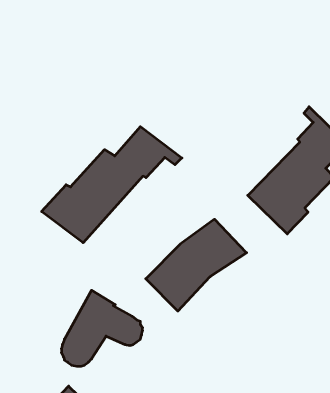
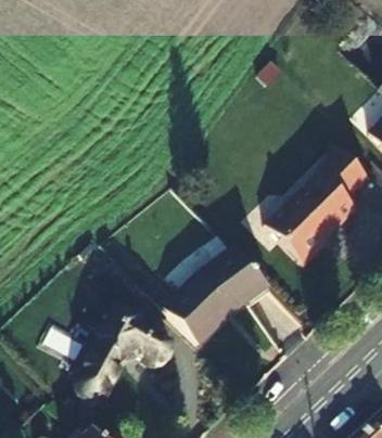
building: [42,127,182,243] -> none

